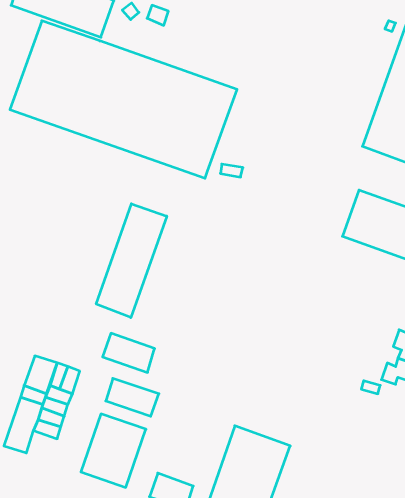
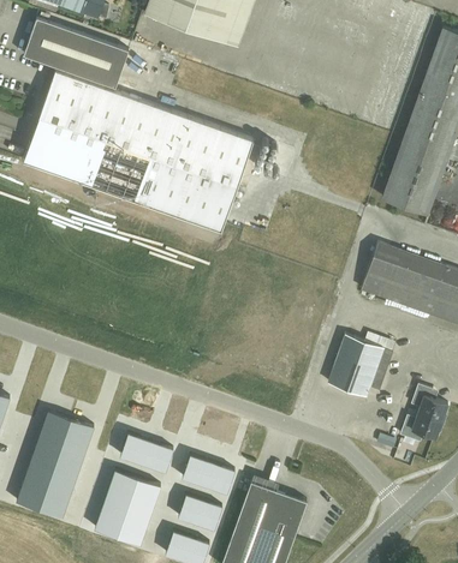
building: [96,204,167,318] -> none
building: none -> [327,335,393,396]
building: [103,333,155,372] -> [182,454,234,493]
building: none -> [40,486,71,517]
building: none -> [178,493,222,529]

